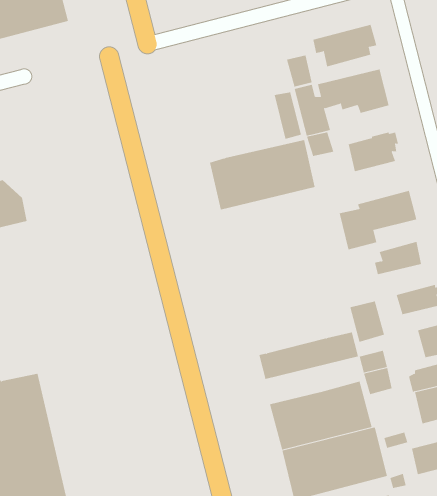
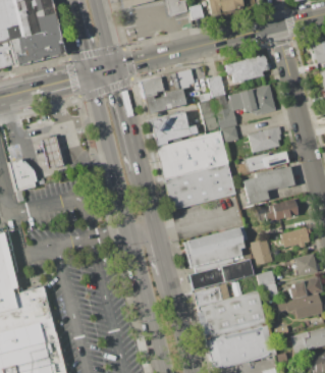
building: none -> [141,68,196,115]
building: none -> [150,111,197,147]
building: none -> [40,137,63,169]
building: none -> [247,149,288,172]
building: none -> [164,163,235,210]
building: none -> [182,227,245,273]
building: none -> [194,284,230,307]

